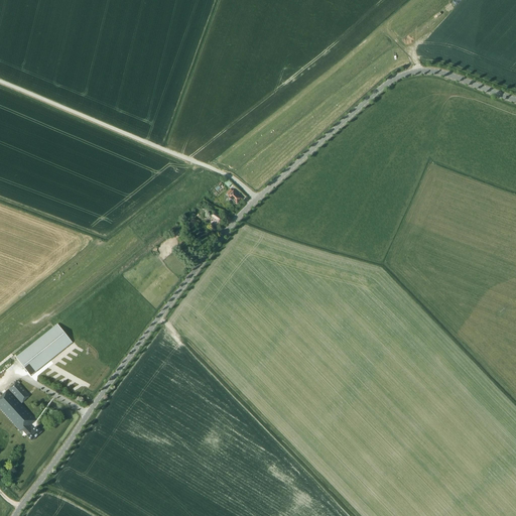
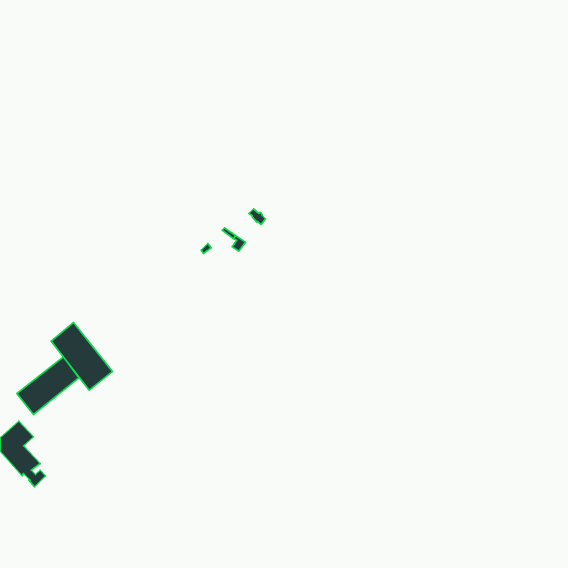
building: none -> [51,322,113,390]

